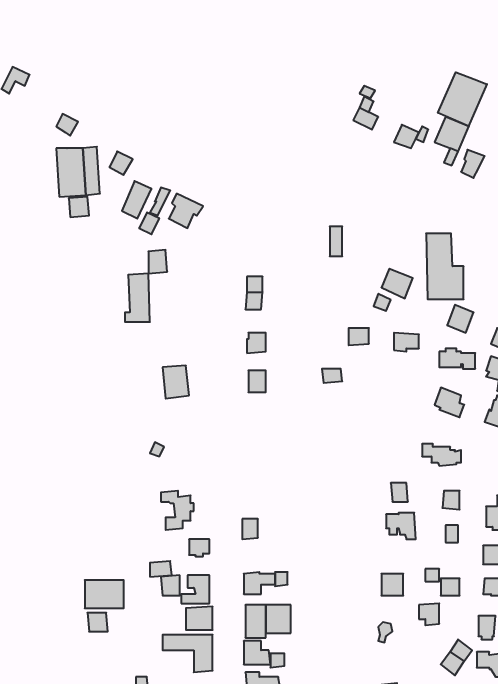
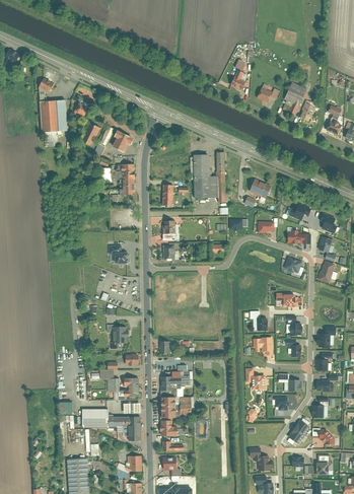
building: [438,72,487,126] -> none
building: [426,233,464,299] -> [193,154,217,197]
building: [125,273,150,322] -> [119,163,135,195]
building: [85,580,124,608] -> [82,409,108,427]

